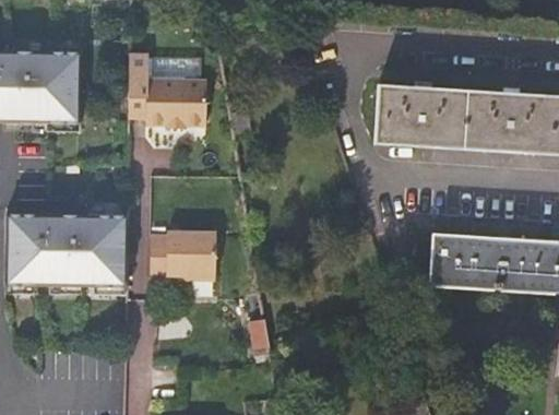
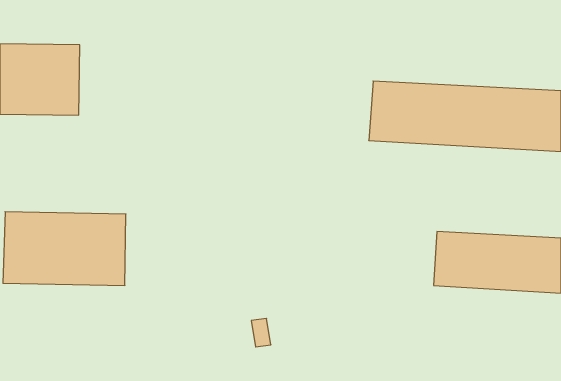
building: [128,55,206,129] -> none
building: [150,233,215,278] -> none

